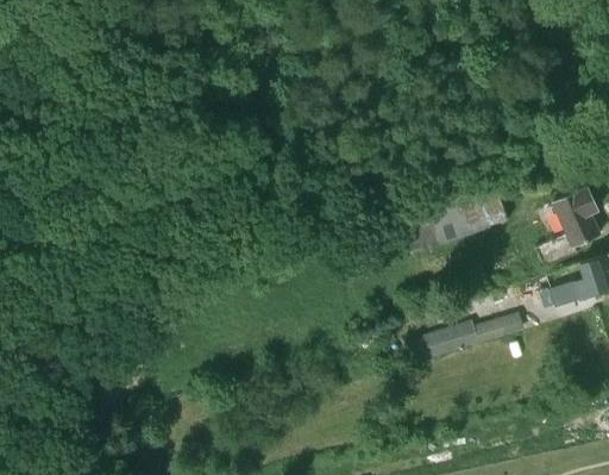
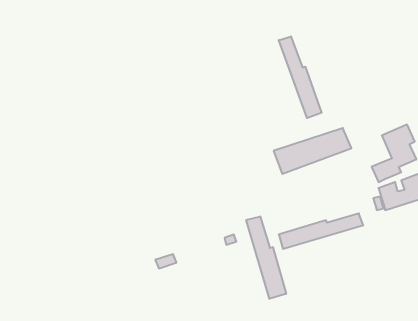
building: none -> [279,36,322,118]
building: none -> [246,216,286,299]

